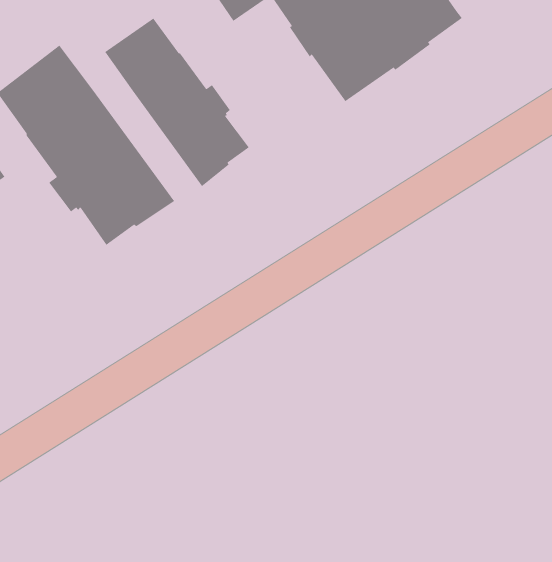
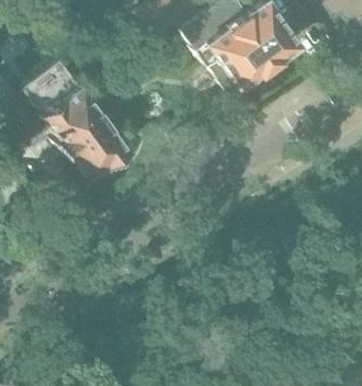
building: [104,17,250,187] -> none

